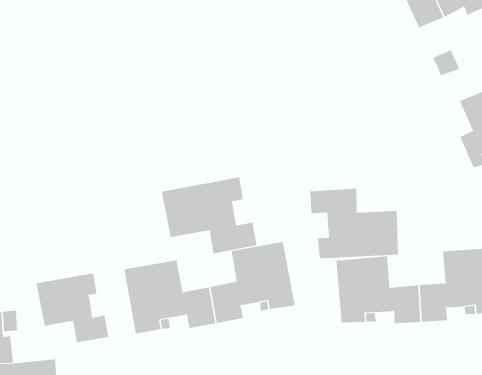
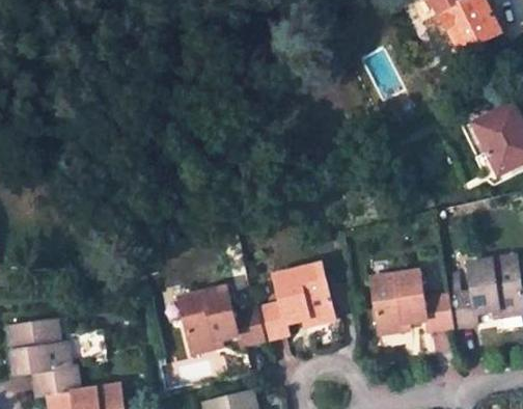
building: [161,177,257,254] -> none
building: [310,188,398,259] -> none
building: [36,272,109,343] -> none

